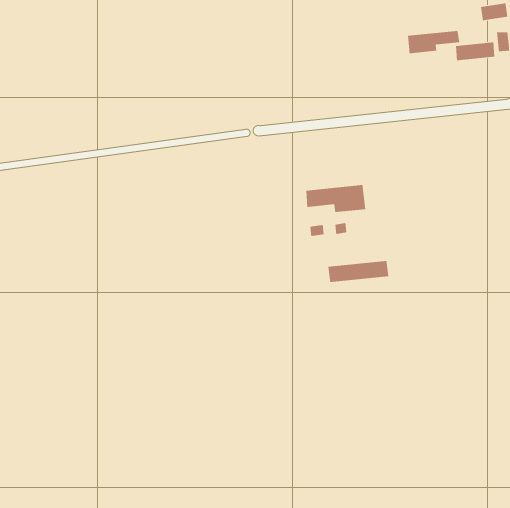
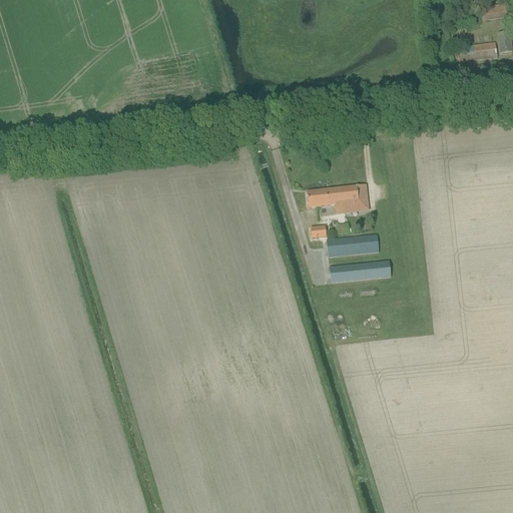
building: [408,30,460,54] -> none
building: none -> [326,234,379,258]

